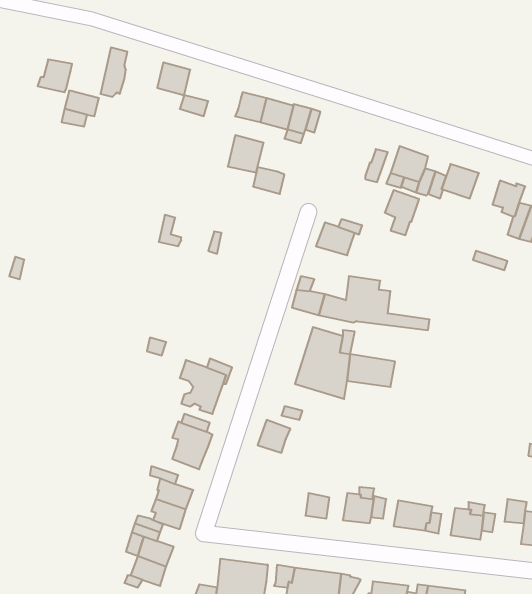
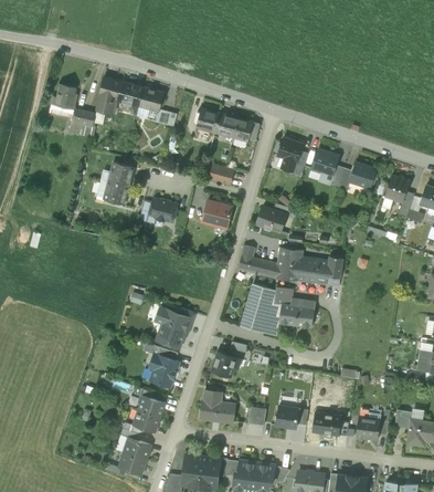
building: none -> [116,82,142,106]
building: [228,135,264,173] -> [204,201,231,229]
building: none -> [103,161,133,205]
building: [385,190,419,235] -> [276,138,301,171]
building: none -> [148,199,177,221]
building: none -> [308,255,342,278]
building: none -> [199,389,235,422]

